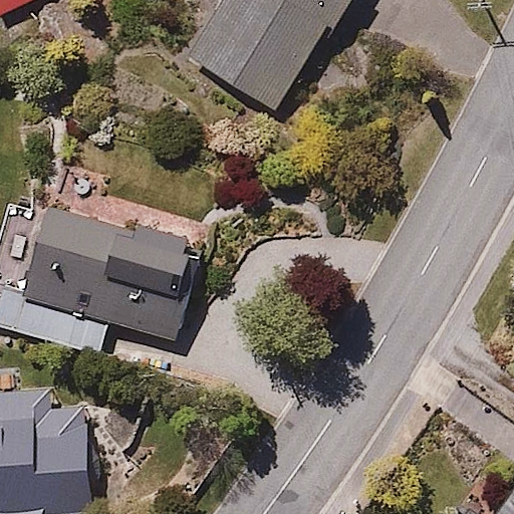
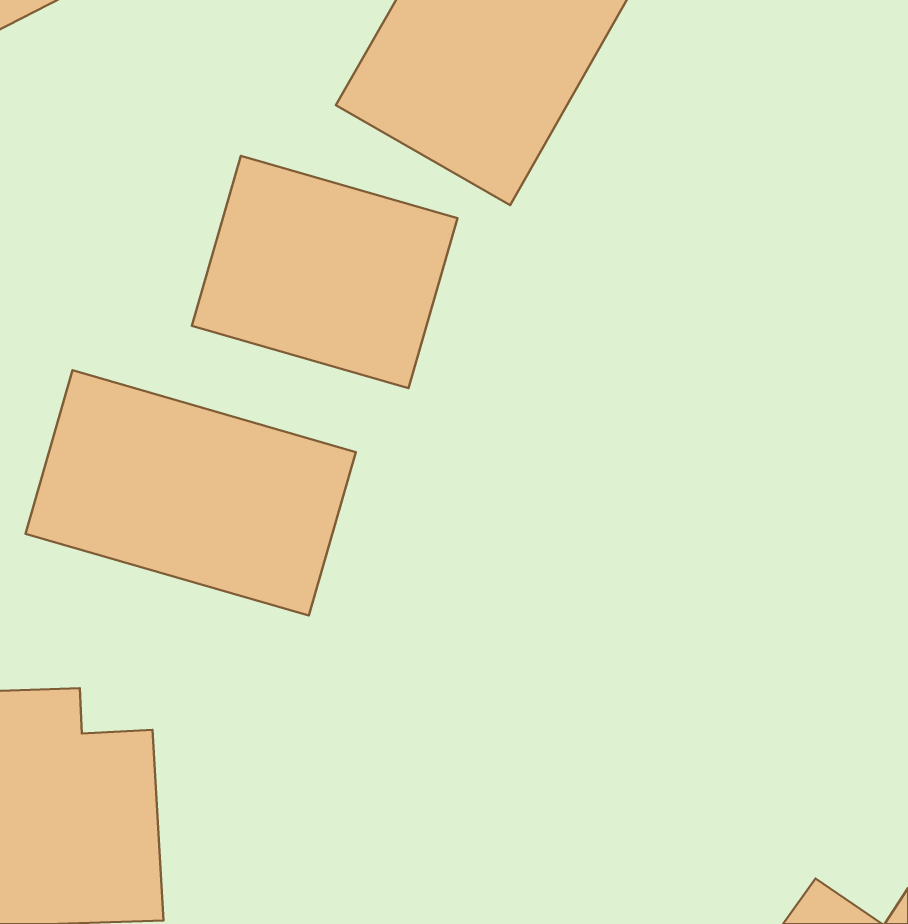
building: none -> [192,156,458,388]

